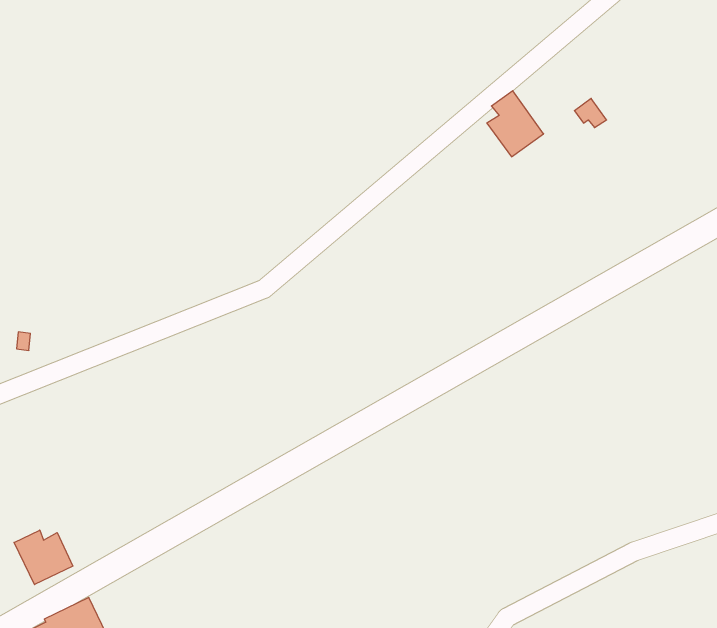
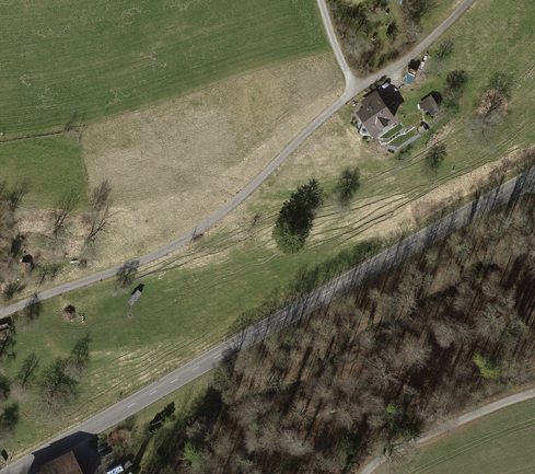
building: [14,530,73,585] -> none

